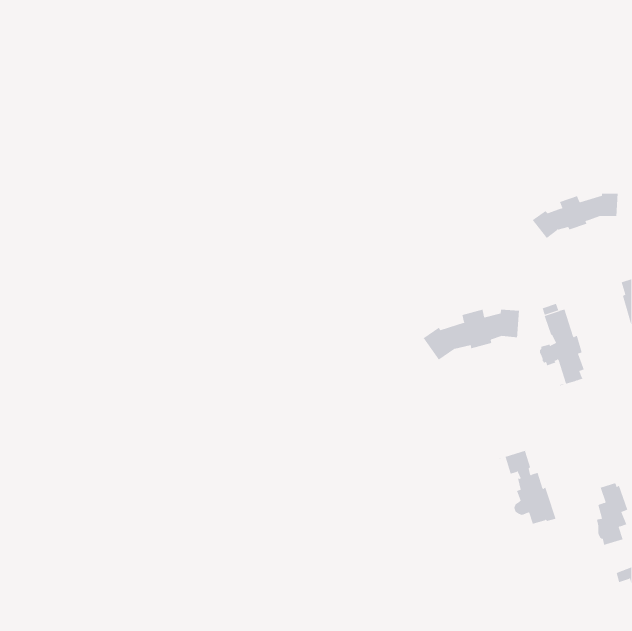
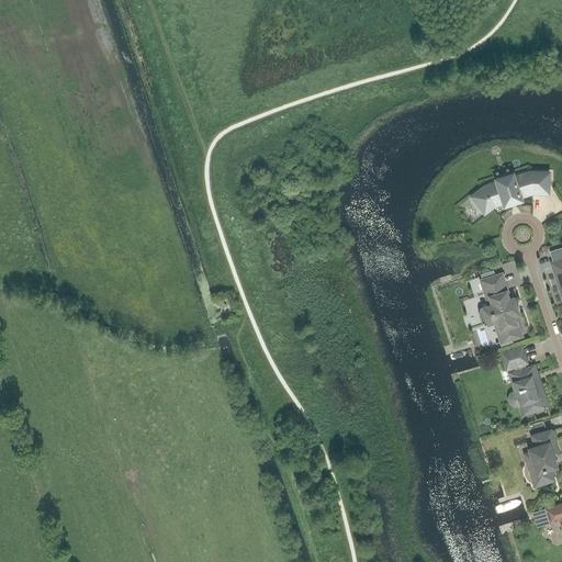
building: [423,309,520,361] -> none
building: [499,449,558,525] -> [497,345,550,413]

